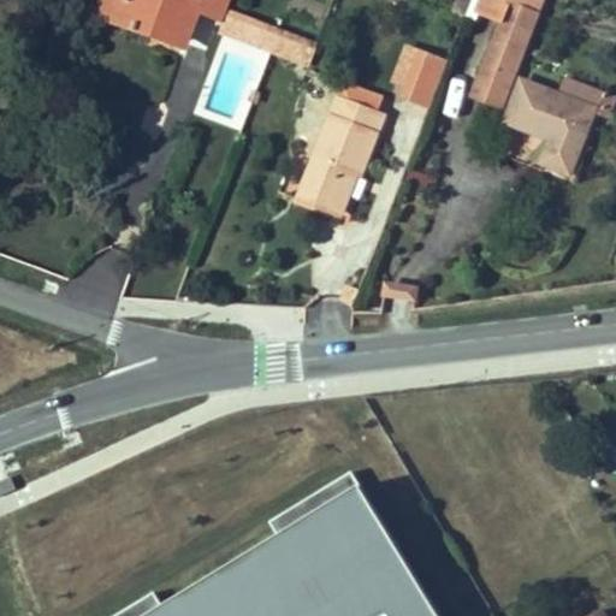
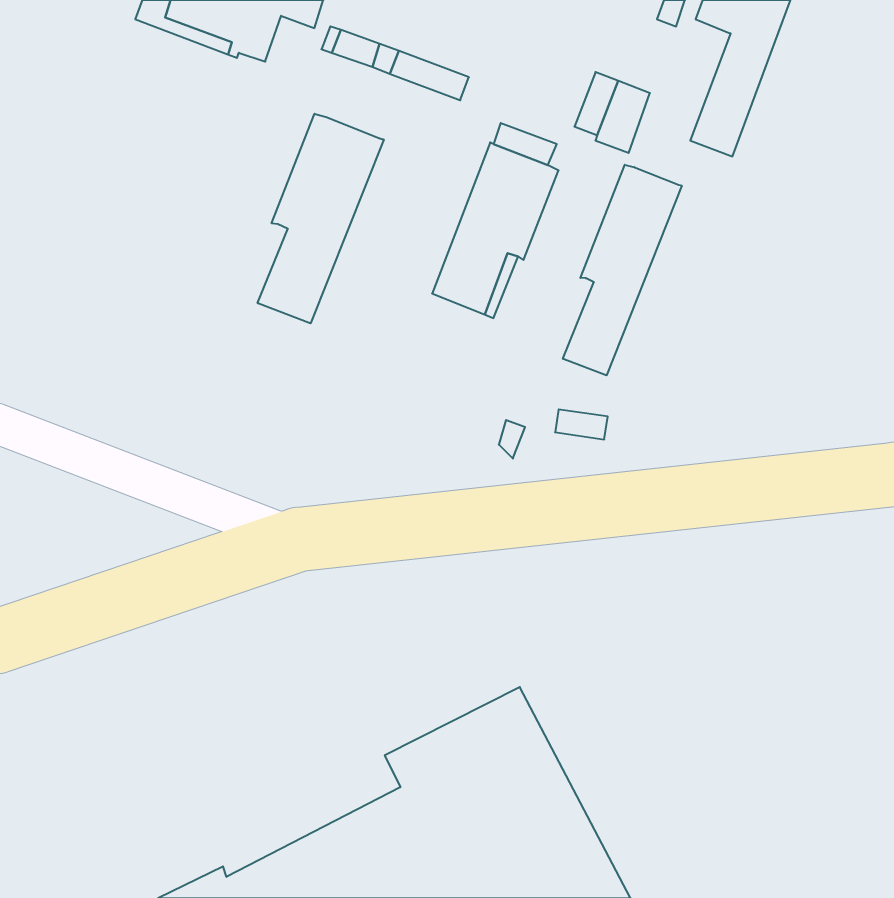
building: none -> [258,114,384,323]
building: [505,81,606,174] -> none
building: none -> [563,165,682,375]

